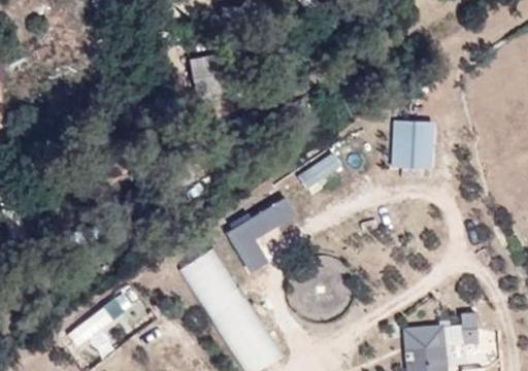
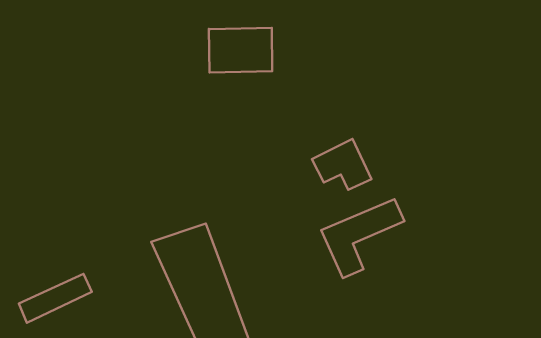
building: [392,121,430,163] -> none
building: [227,195,297,269] -> [321,199,404,278]

